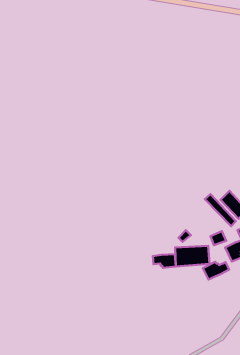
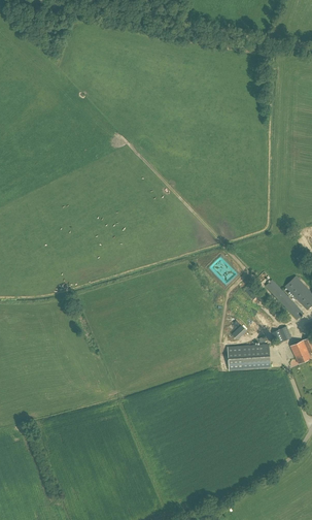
building: [153,254,176,268] -> none
building: [203,262,229,280] -> none

